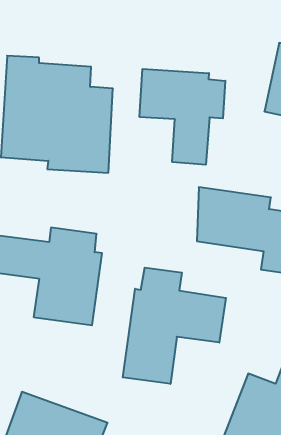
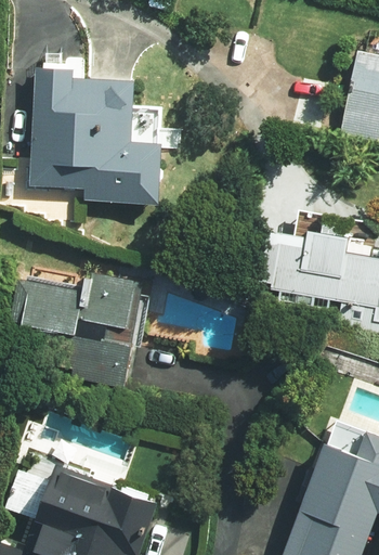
building: [140,69,225,165] -> none
building: [123,268,226,384] -> none

